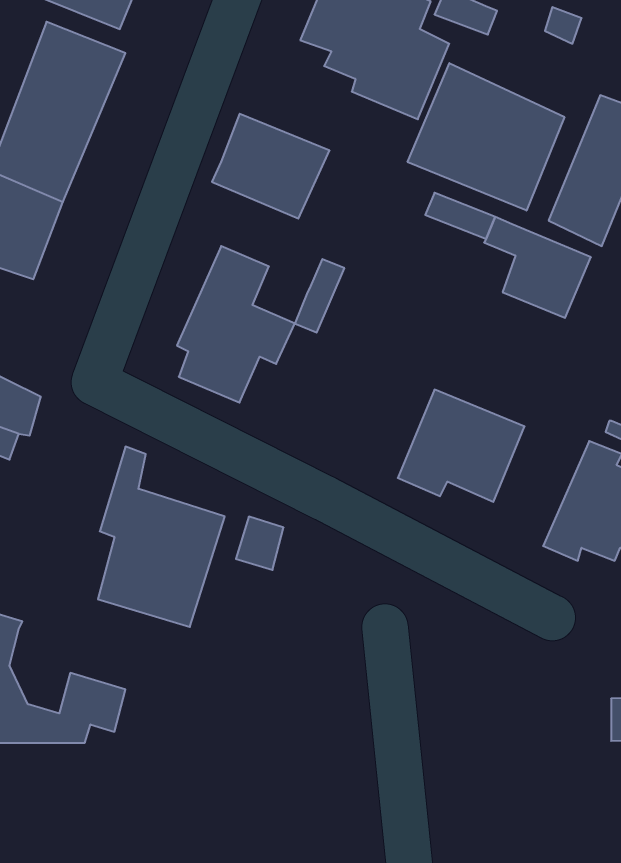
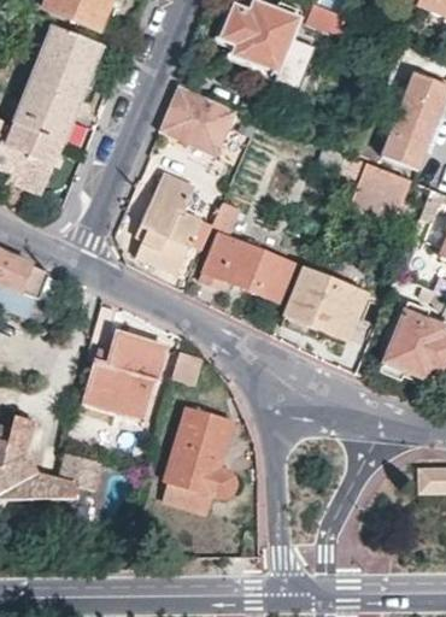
building: [408,63,564,211] -> none
building: none -> [200,233,293,302]
building: none -> [163,404,235,513]

